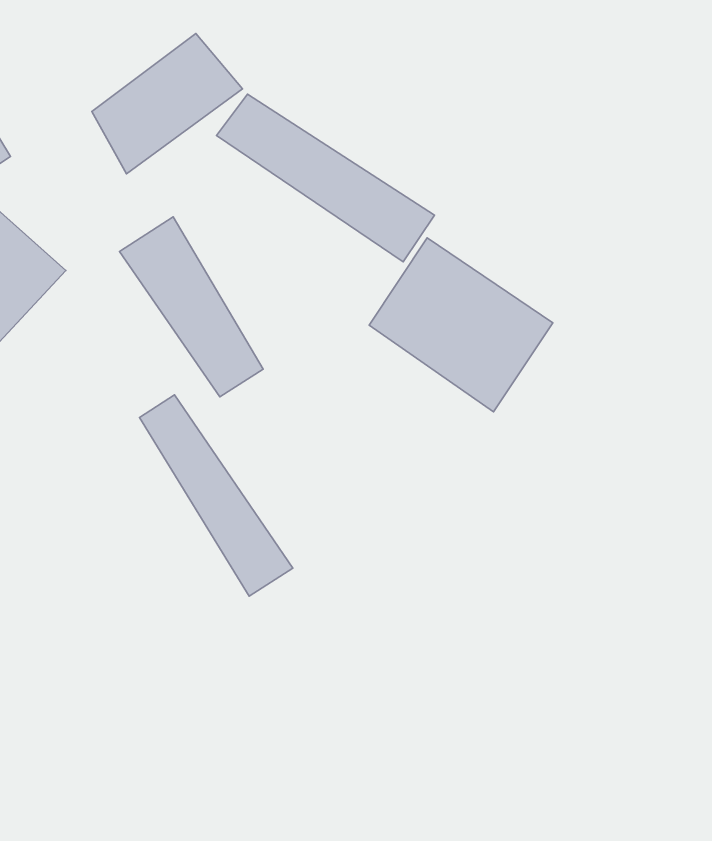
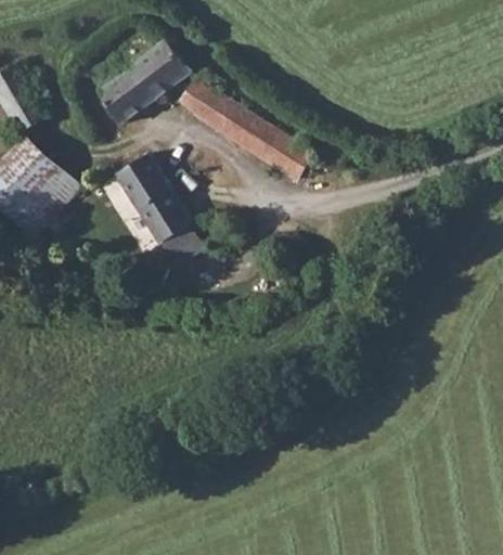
building: [369,238,553,412] -> none
building: [139,395,293,596] -> none

